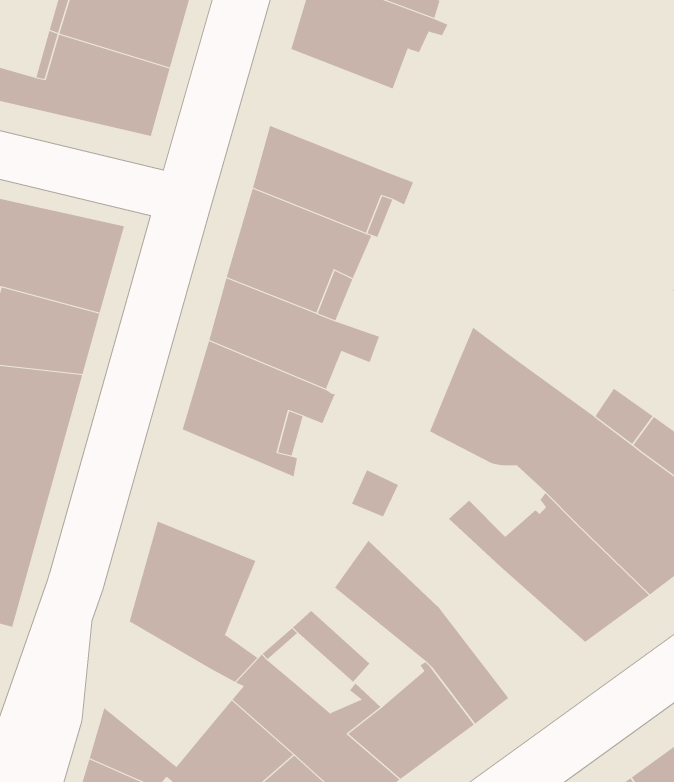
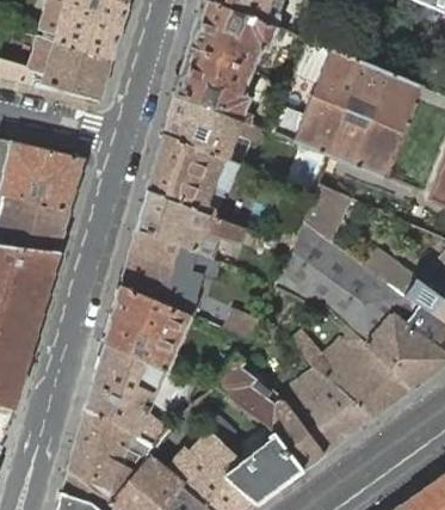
building: none -> [272,39,422,178]
building: none -> [175,47,254,124]
building: none -> [303,184,346,239]
building: none -> [105,285,192,370]
building: none -> [283,371,373,454]
building: none -> [72,406,159,497]

